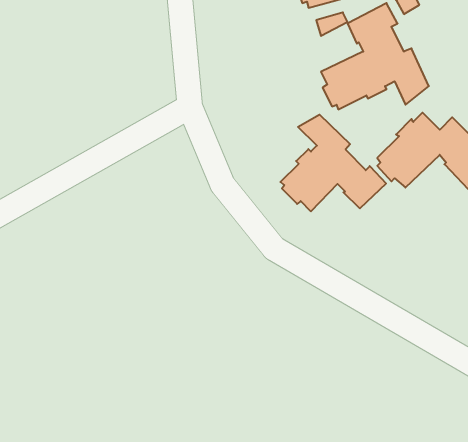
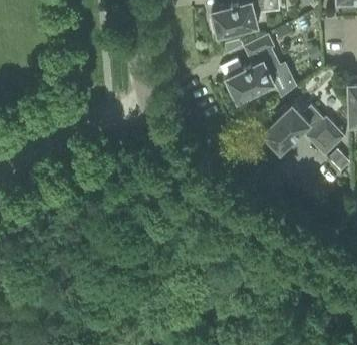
building: [280,115,386,211] -> none

